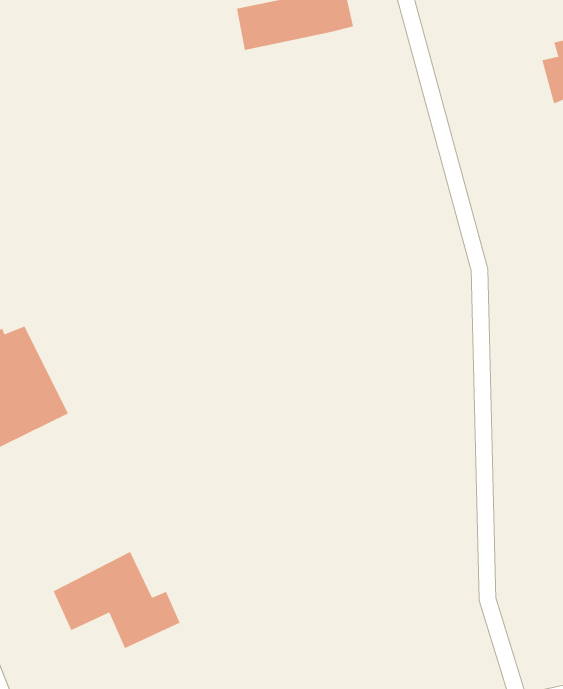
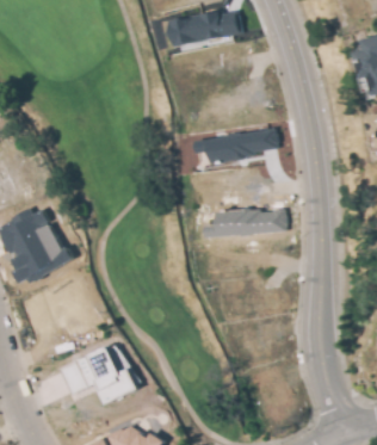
building: none -> [192,128,277,163]
building: none -> [206,210,284,236]

